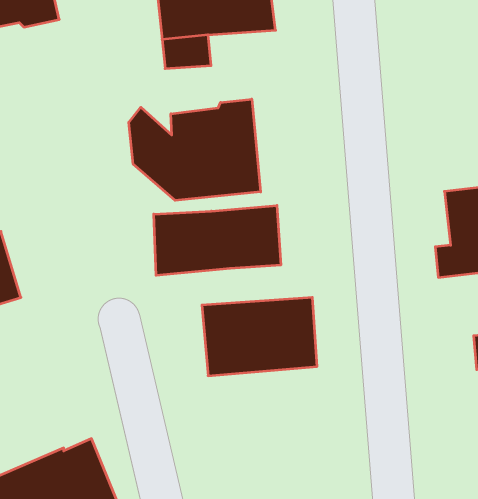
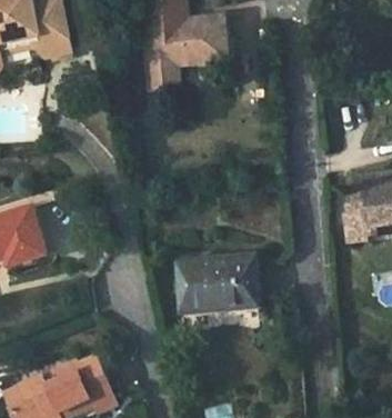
building: [129,99,261,200] -> none
building: [154,205,281,275] -> none

